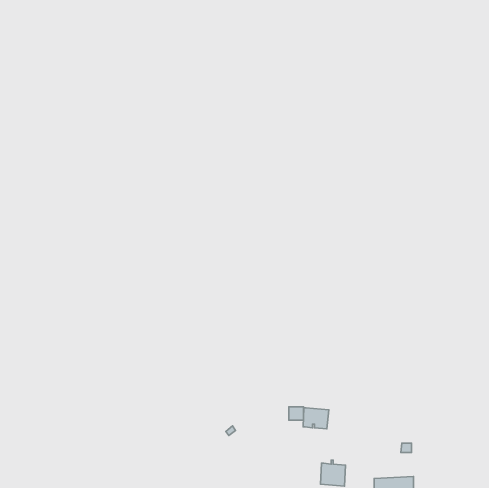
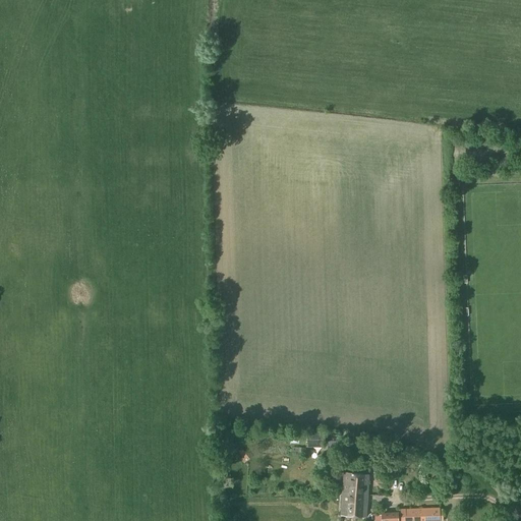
building: [303,408,329,429] -> [342,473,369,496]

